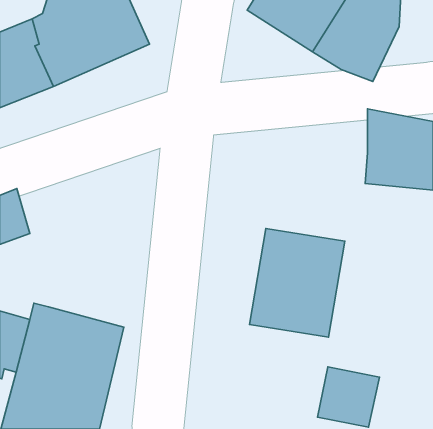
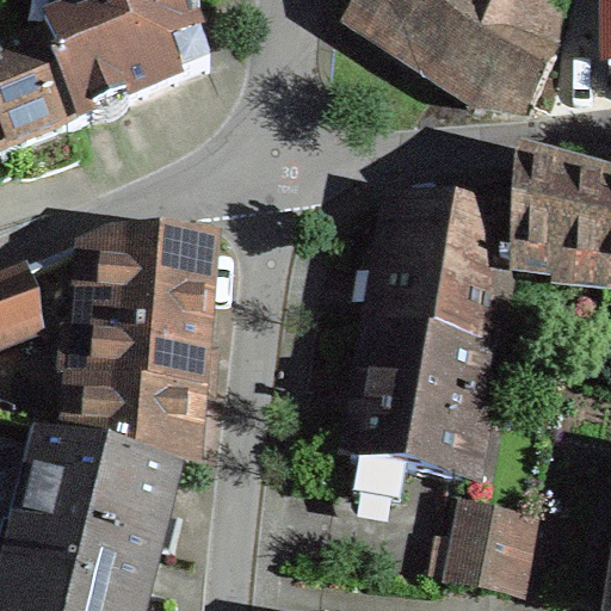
building: none -> [374,195,517,341]
building: none -> [68,228,206,459]

